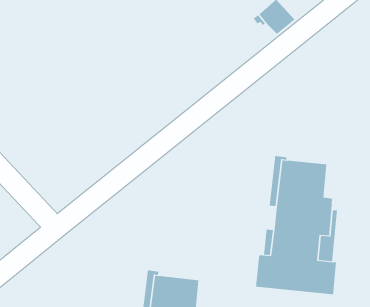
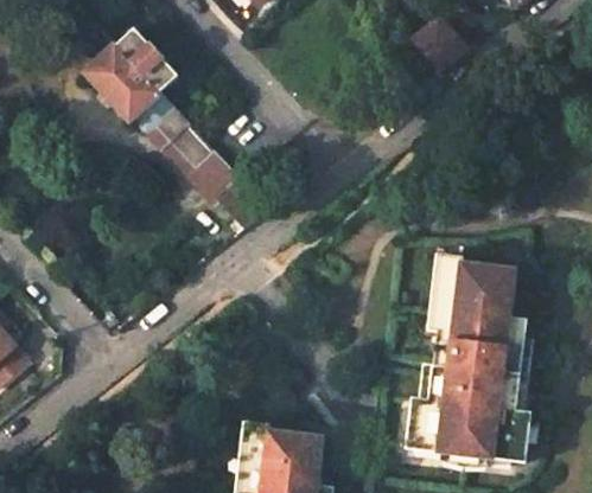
building: none -> [85,27,267,230]

